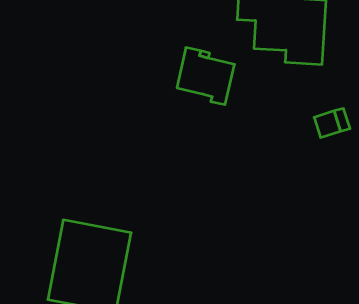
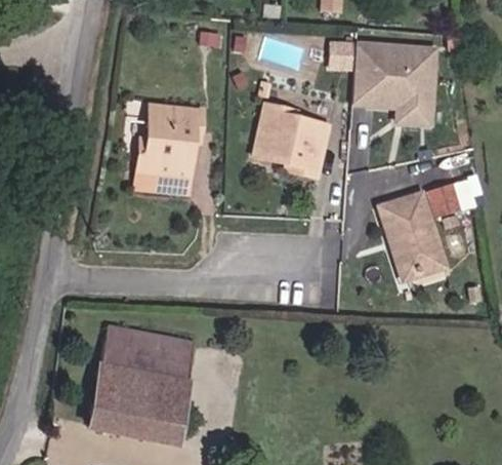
building: none -> [135,104,203,194]
building: none -> [379,197,444,280]

